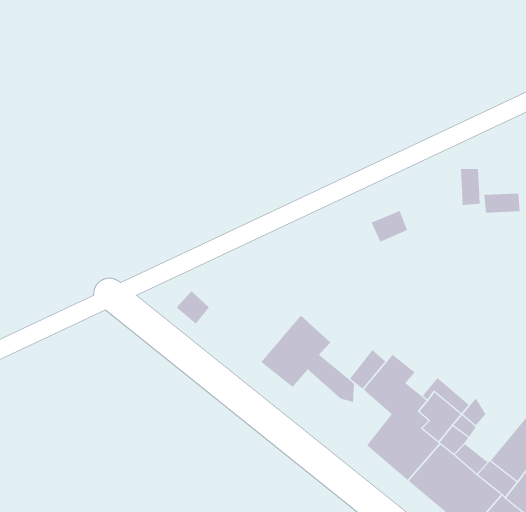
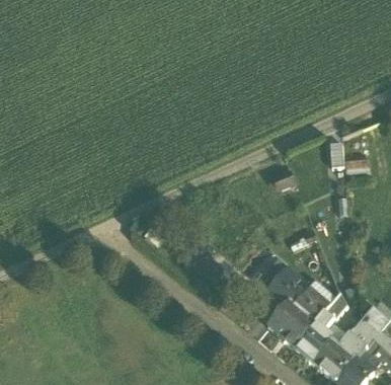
building: [261,315,354,403] -> none

